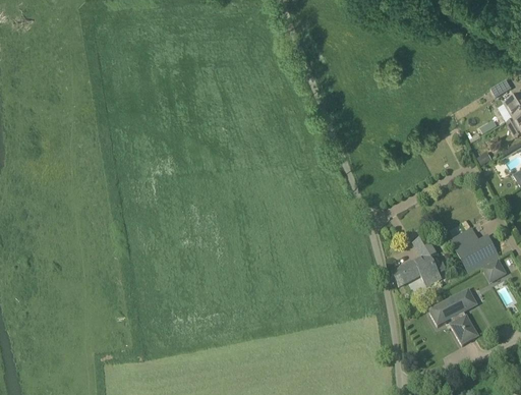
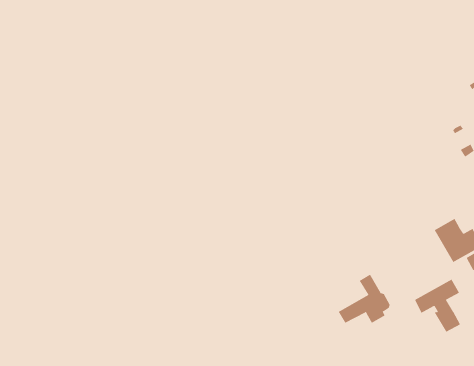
building: [392,234,446,285] -> [338,274,390,324]

